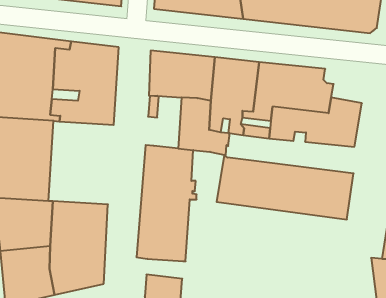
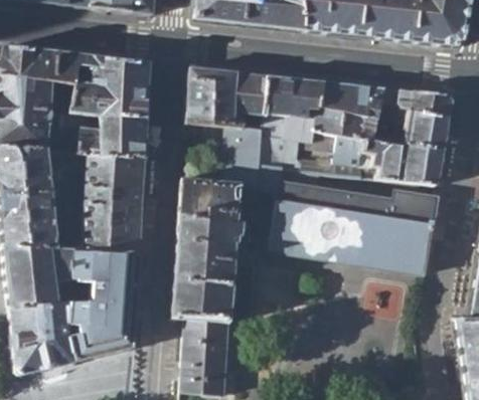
building: none -> [397,88,451,130]
building: none -> [66,151,145,251]
building: none -> [278,180,437,214]
building: none -> [184,317,228,341]

